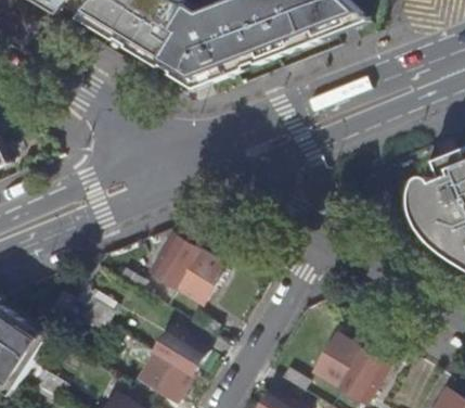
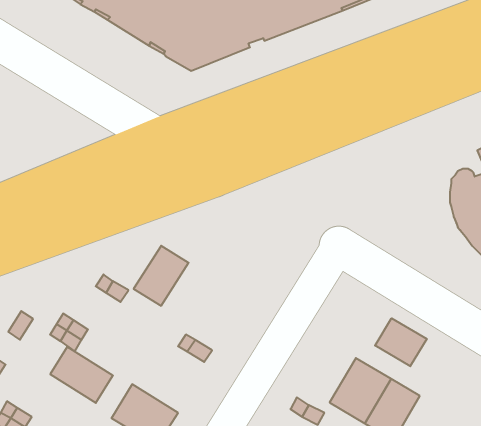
building: [175,251,224,304] -> none
building: none -> [375,318,427,366]
building: [151,329,203,375] -> [50,347,113,403]

